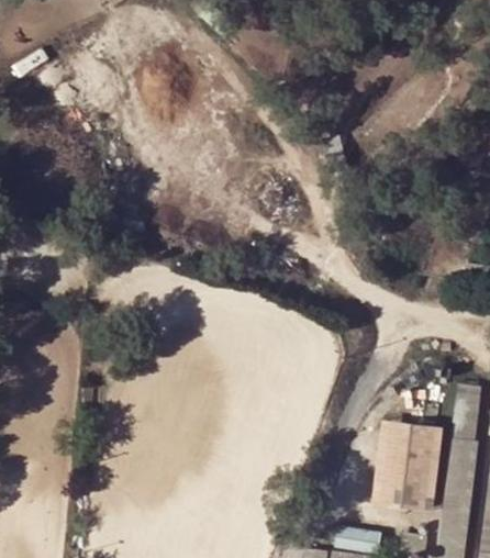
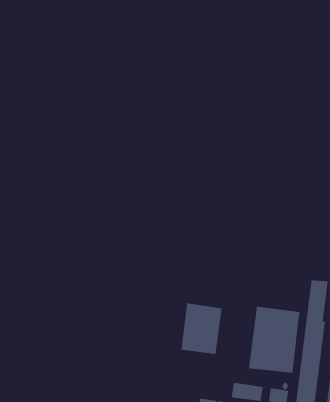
building: none -> [181,303,222,355]

